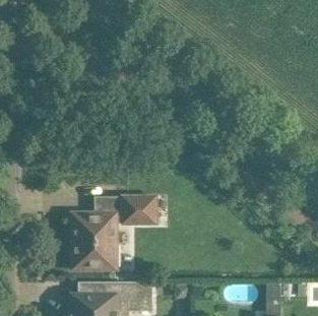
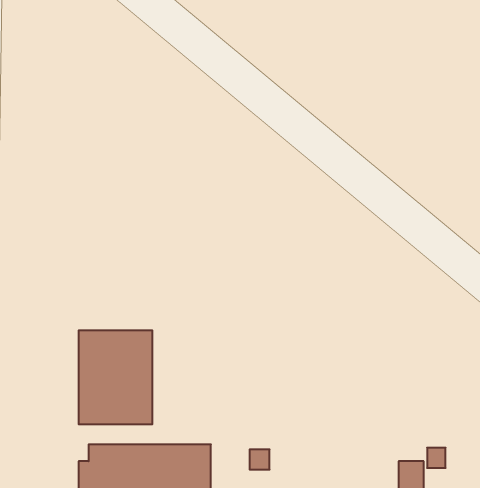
building: [121,197,154,224] -> none

